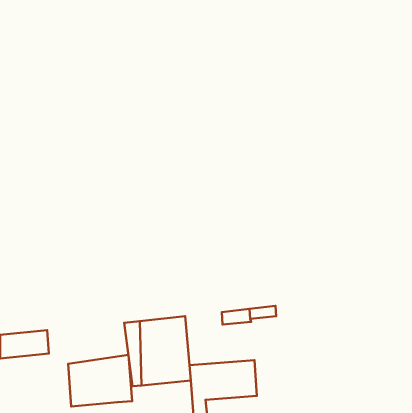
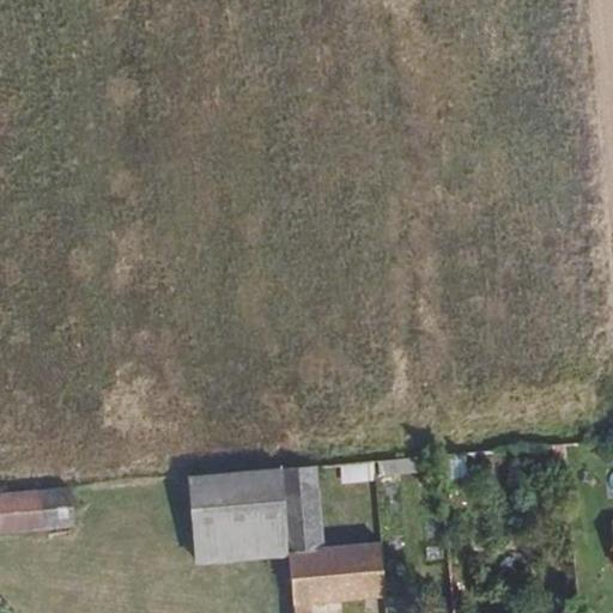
building: none -> [278,466,316,541]
building: [68,355,132,407] -> none

